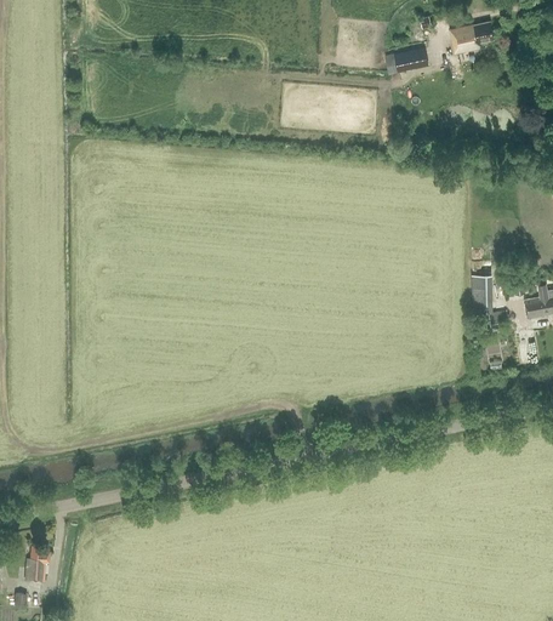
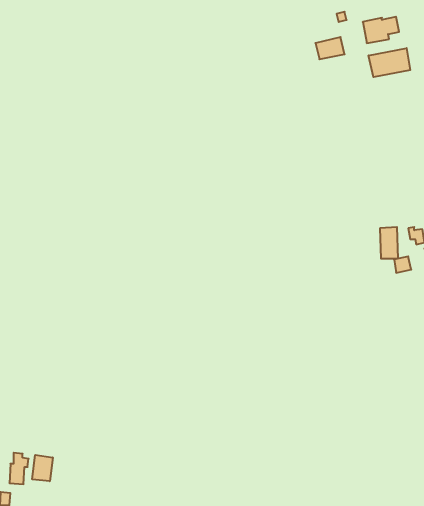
building: none -> [369,48,410,77]
building: none -> [32,455,53,481]

